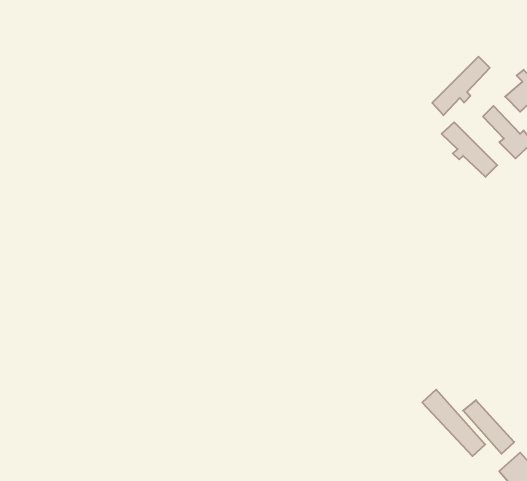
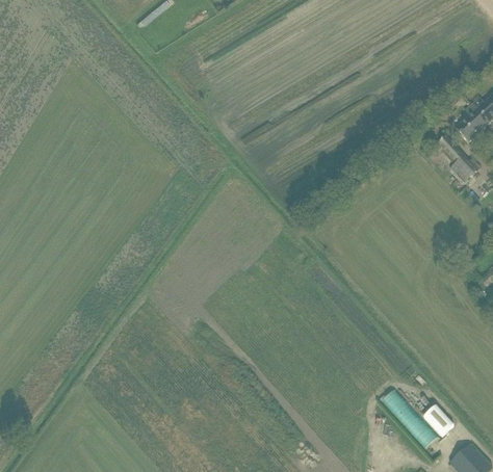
building: [432,57,490,115] -> none
building: [442,122,497,177] -> none

